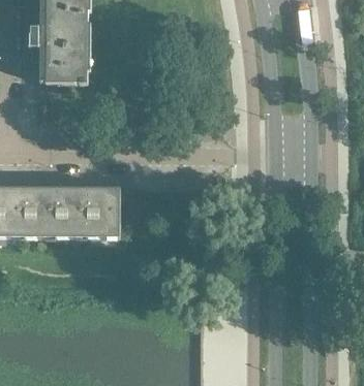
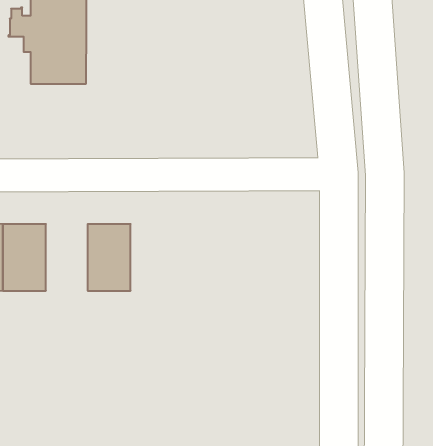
building: [56,187,87,236] -> none

